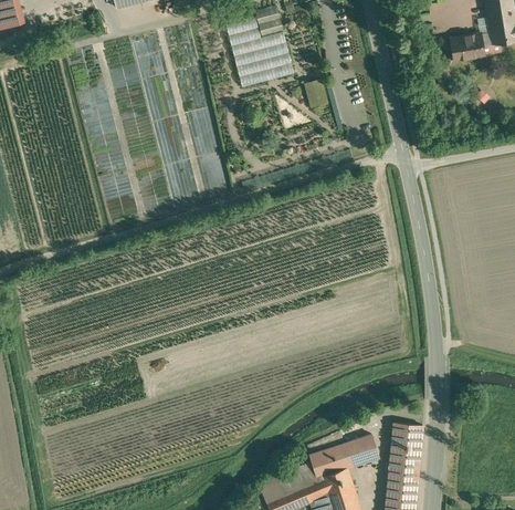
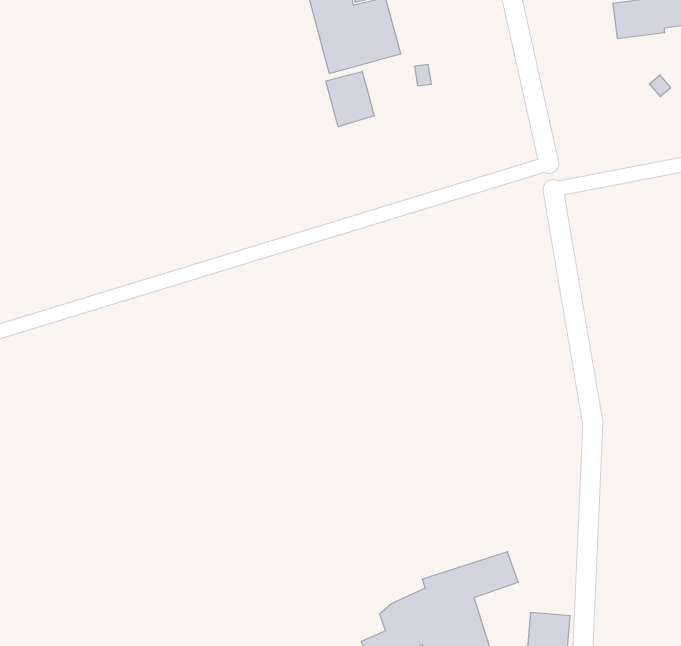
building: none -> [326,71,374,127]
building: [388,421,422,480] -> none

